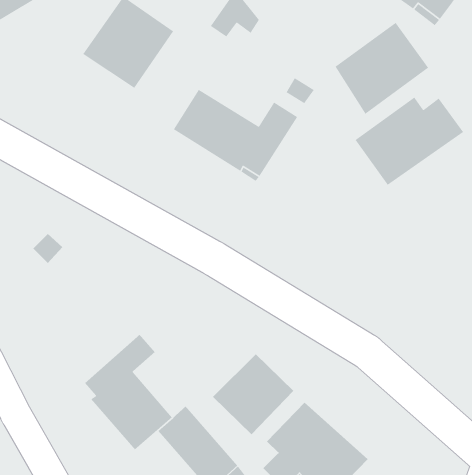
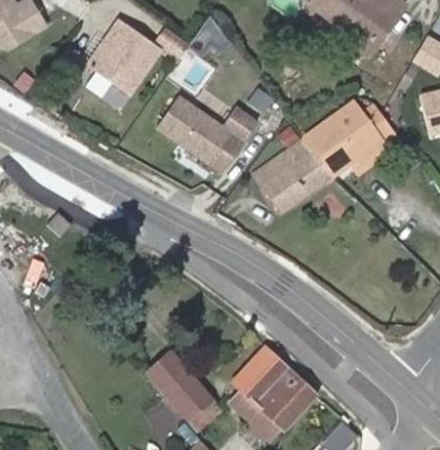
building: [335,22,429,115] -> [255,137,331,212]
building: [84,334,173,450] -> none
building: [212,354,294,435] -> none

